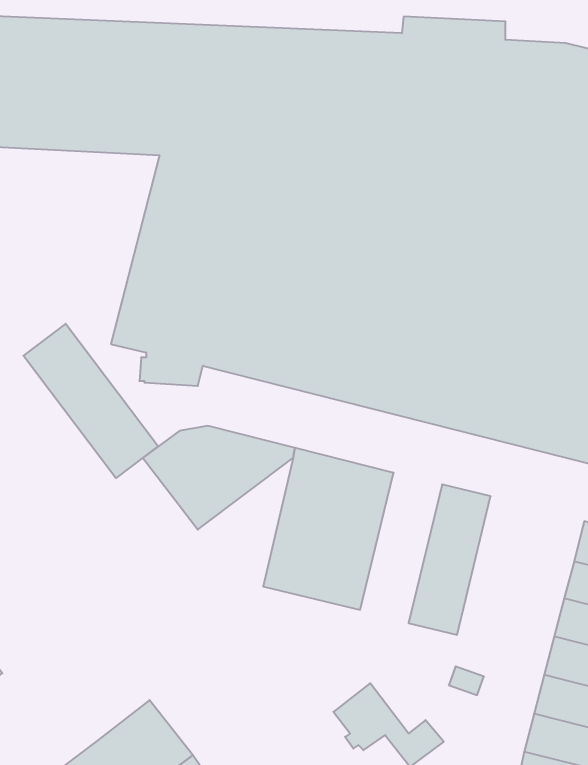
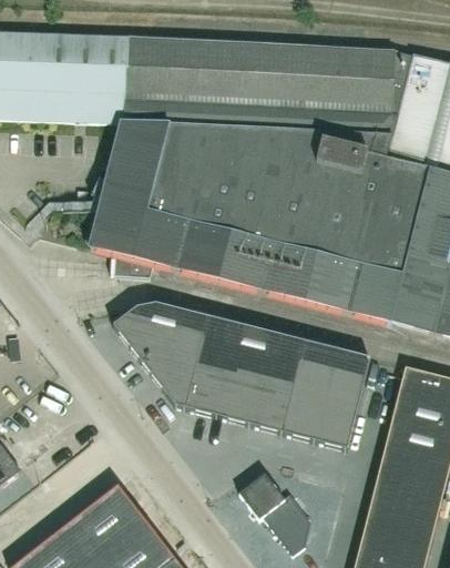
building: [23,324,158,478] -> none
building: none -> [150,324,213,409]
building: none -> [257,334,311,434]
building: none -> [321,349,370,448]

